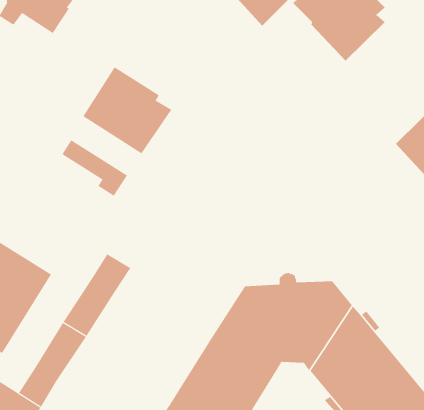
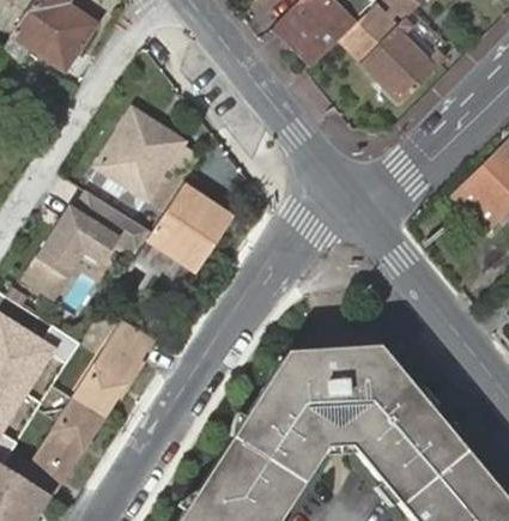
building: none -> [149,184,235,273]
building: none -> [23,204,121,298]

